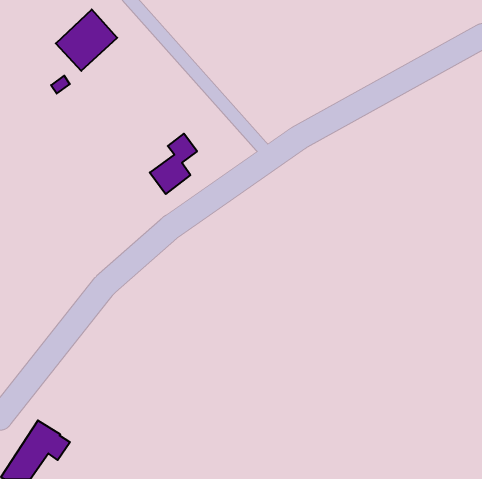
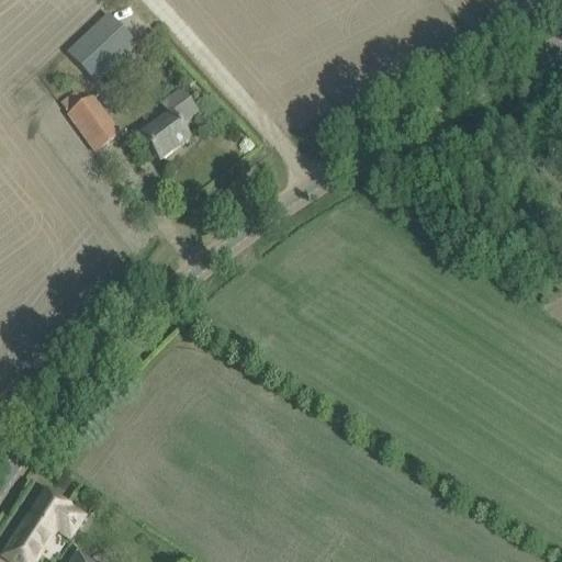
building: none -> [69,95,120,150]
building: [150,134,197,194] -> [142,89,196,159]

